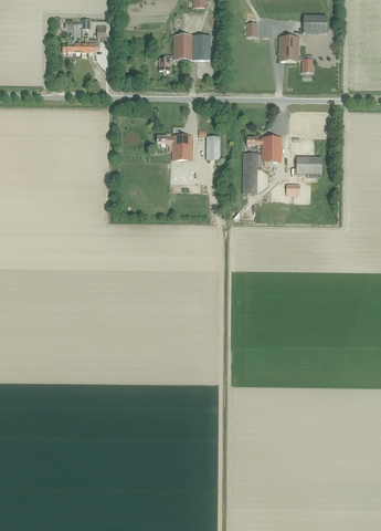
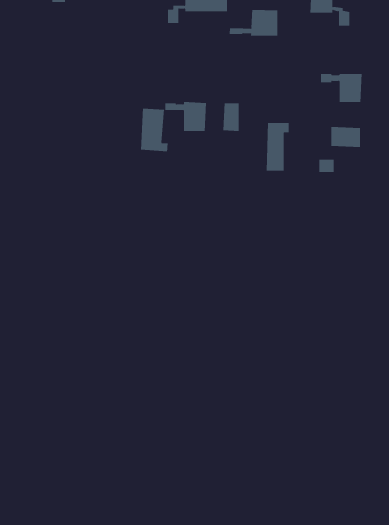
building: none -> [229,9,278,36]
building: [246,137,282,162] -> [320,73,362,102]
building: none -> [141,108,168,152]

